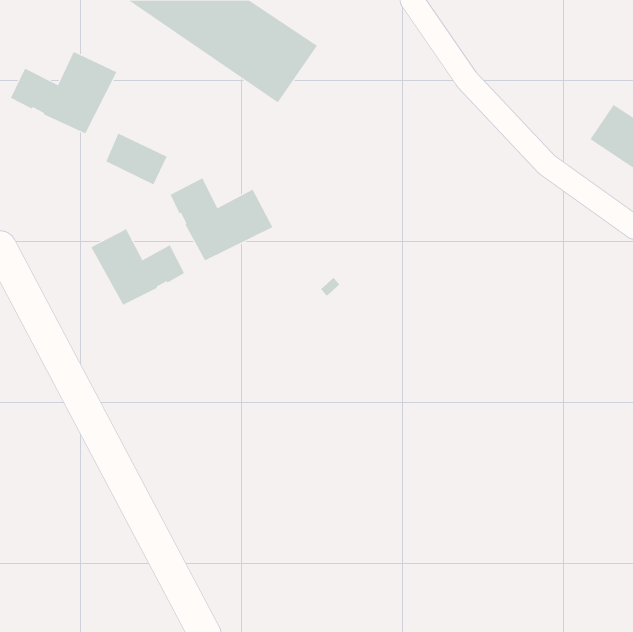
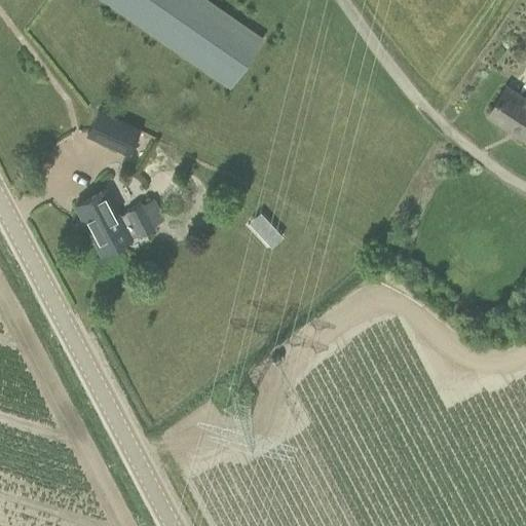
building: [10,51,117,134] -> none
building: [170,177,273,261] -> none

